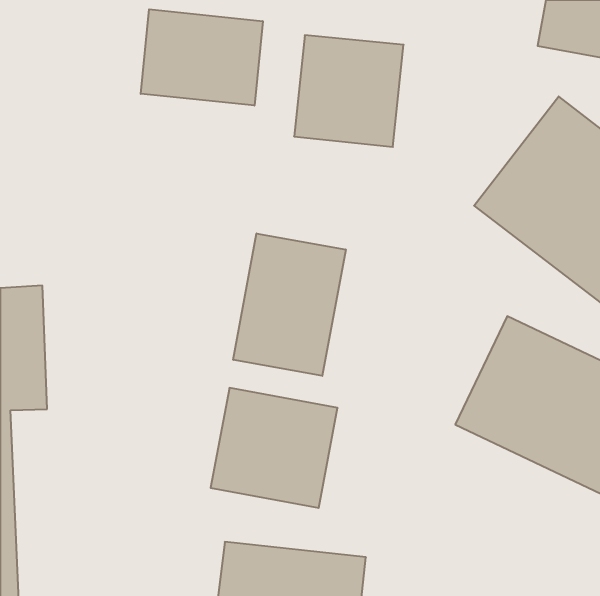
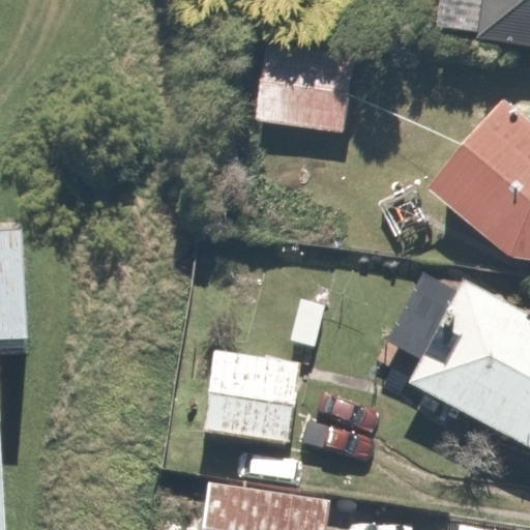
building: [141,9,263,106] -> none
building: [233,233,346,376] -> none

